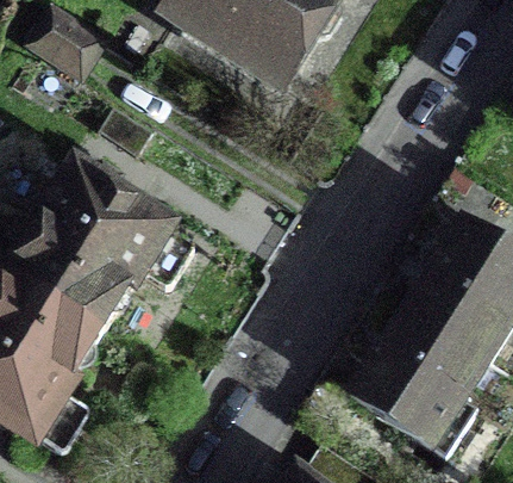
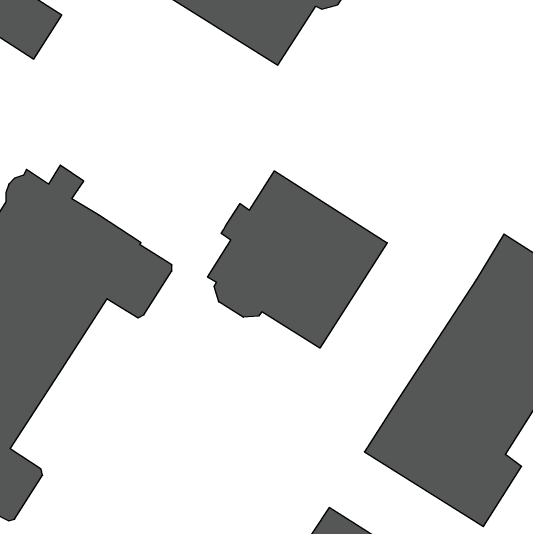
building: none -> [208,171,387,348]

